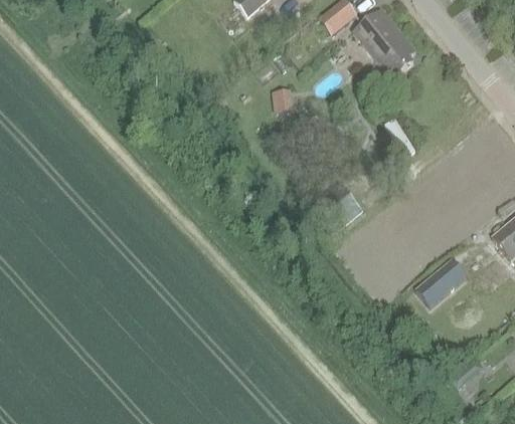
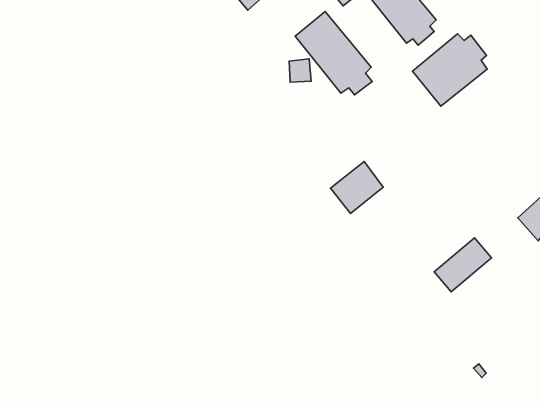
building: none -> [295,11,372,95]
building: none -> [412,34,487,106]

